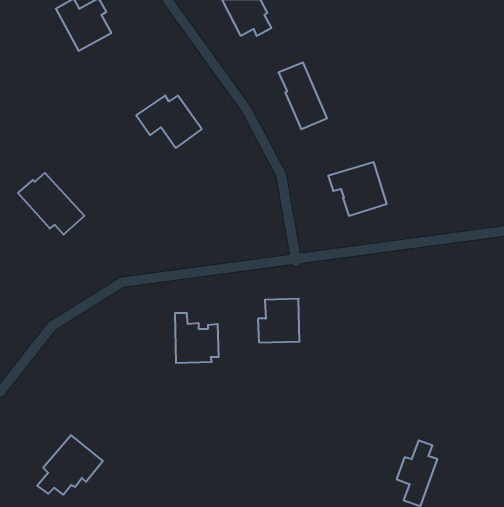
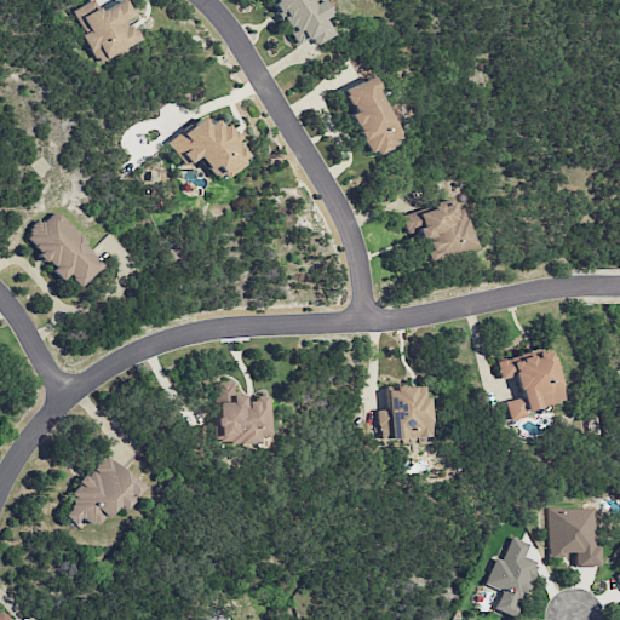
building: none -> [500,348,563,419]
building: [258,299,300,342] -> [380,384,431,437]
building: none -> [551,506,603,566]
building: [37,435,103,495] -> [67,453,147,526]

